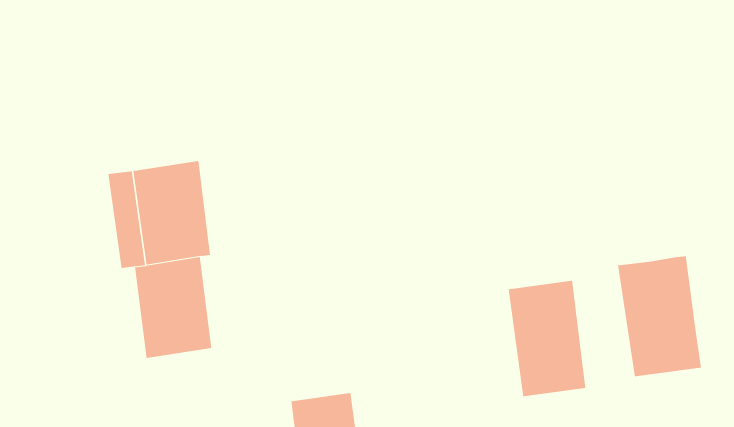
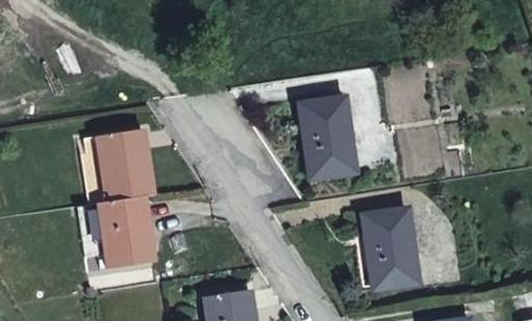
building: none -> [295,99,351,179]
building: [618,255,702,377] -> none

